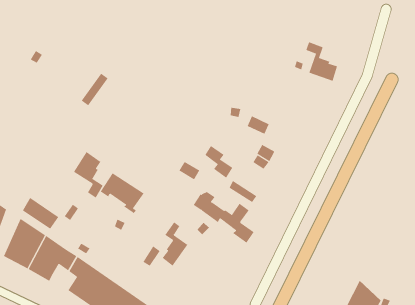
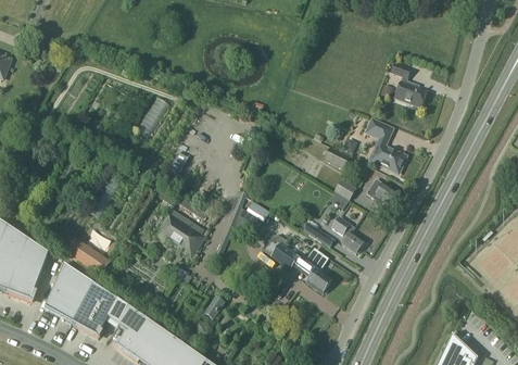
building: none -> [367,118,406,172]
building: none -> [367,176,399,203]
building: [205,145,233,178] -> [332,214,365,252]
building: [73,151,104,198] -> none
building: [162,221,188,266] -> none

